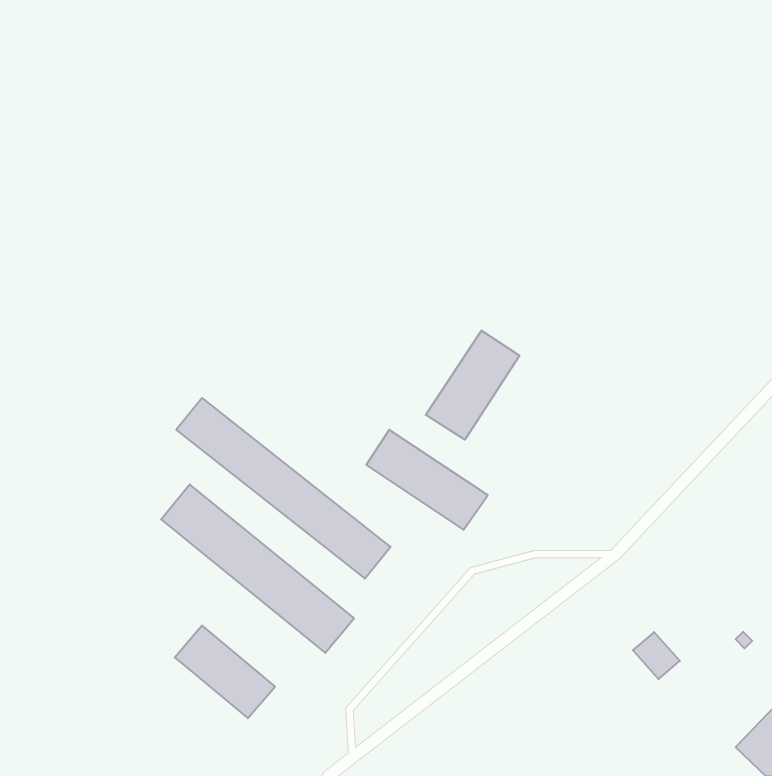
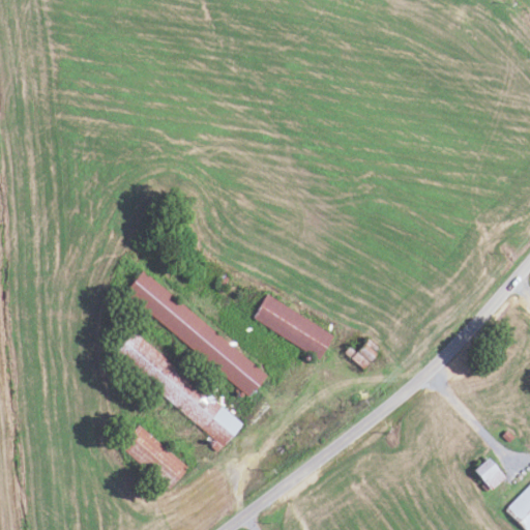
building: [426,330,519,440] -> none
building: none -> [346,338,381,369]
building: [633,632,680,679] -> [475,458,507,490]

